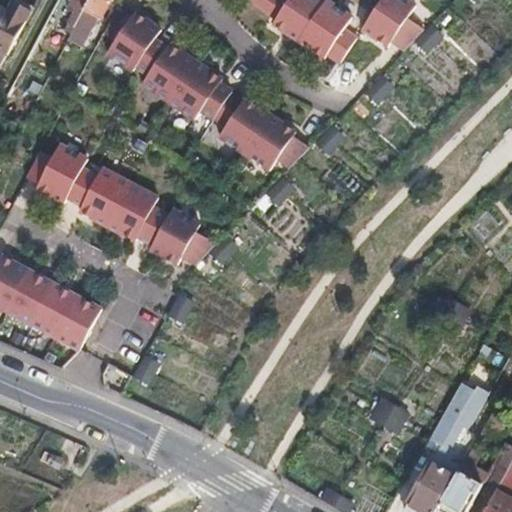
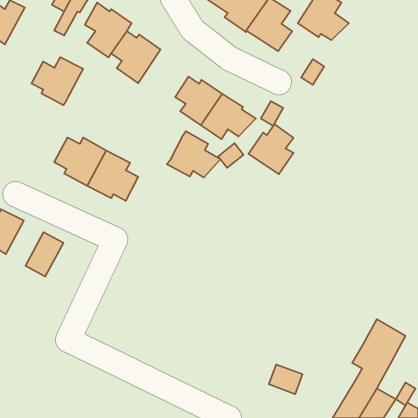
building: [168,60,231,118] -> none
building: [24,144,87,202] -> [31,57,83,105]
building: none -> [249,124,293,174]
building: [149,209,214,265] -> [167,131,220,177]
building: [7,268,53,323] -> none
building: [55,295,101,349] -> none
building: [370,396,411,432] -> [269,364,302,394]

